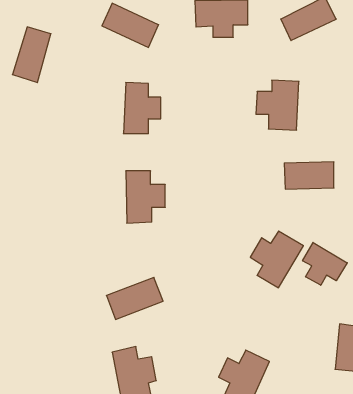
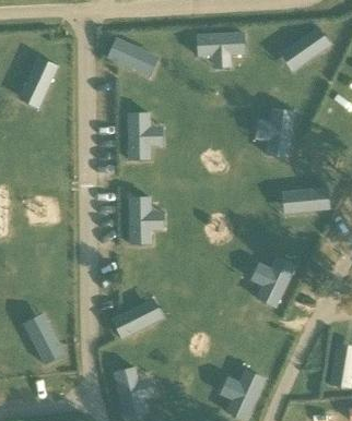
building: [303,242,347,285] -> none
building: none -> [22,311,64,364]

